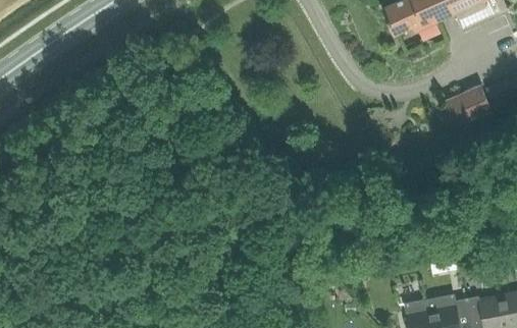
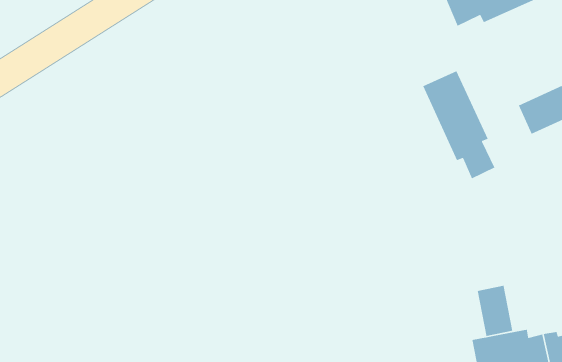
building: none -> [422,70,495,179]
building: none -> [477,285,513,337]

